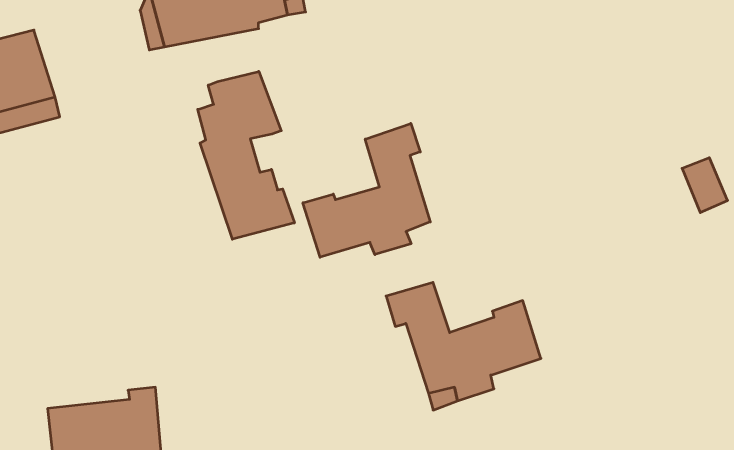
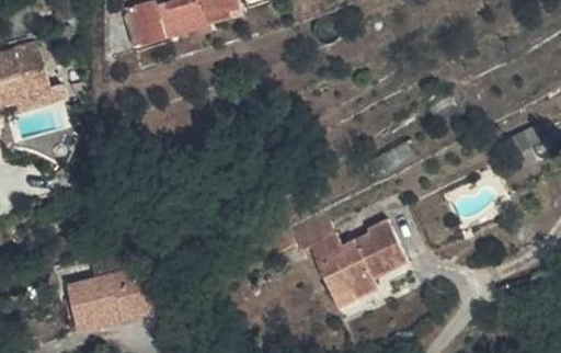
building: [198,71,294,239] -> none
building: [303,123,430,257] -> none

